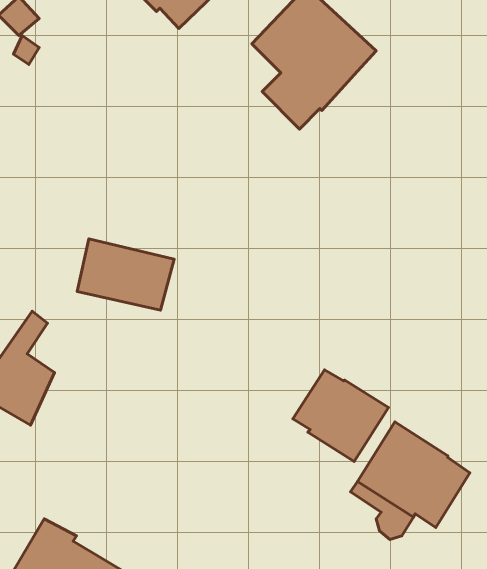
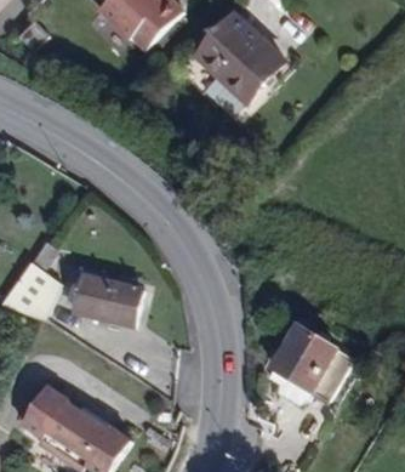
building: [77,239,174,310] -> [72,273,141,324]
building: [293,370,389,461] -> none

